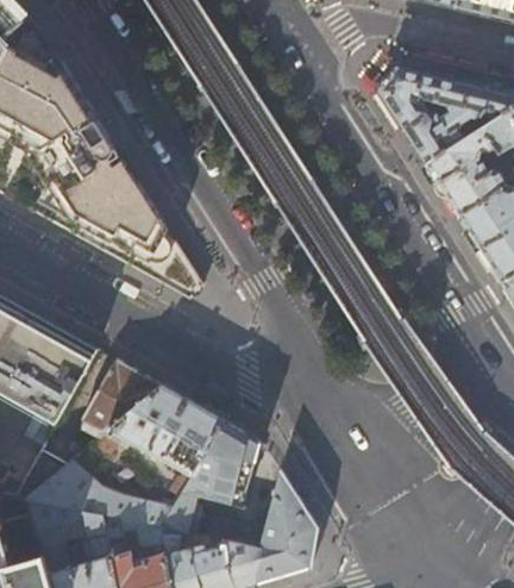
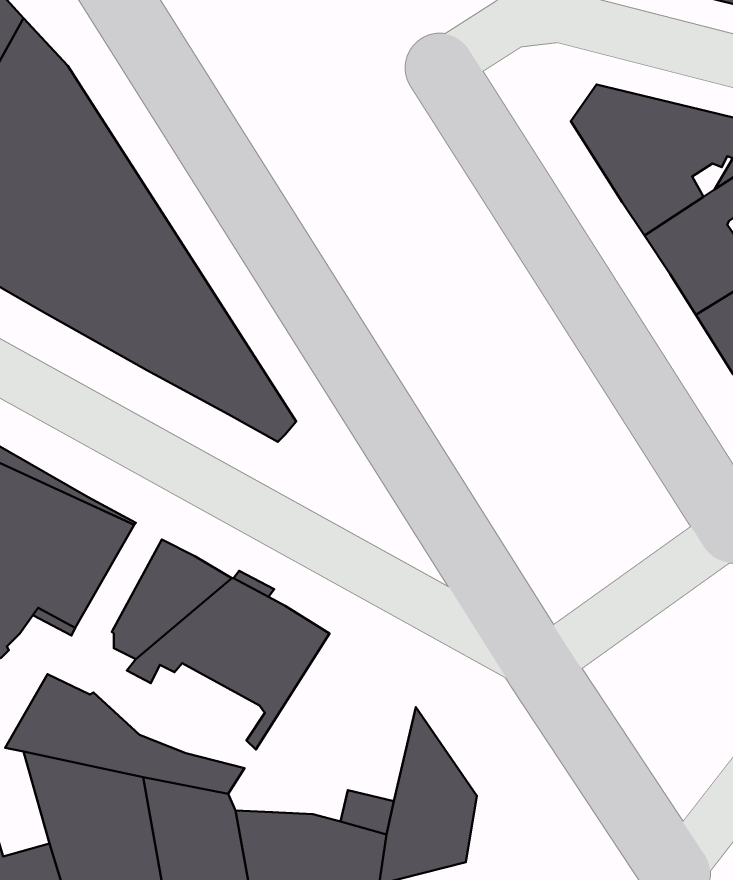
building: [157,420,258,536] -> none

